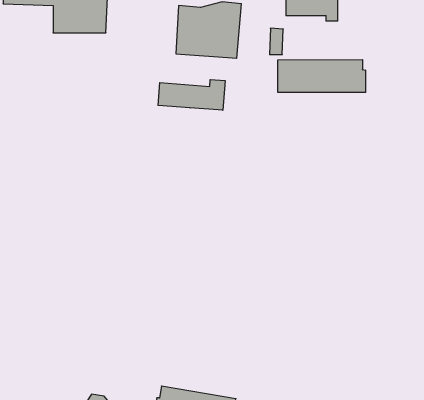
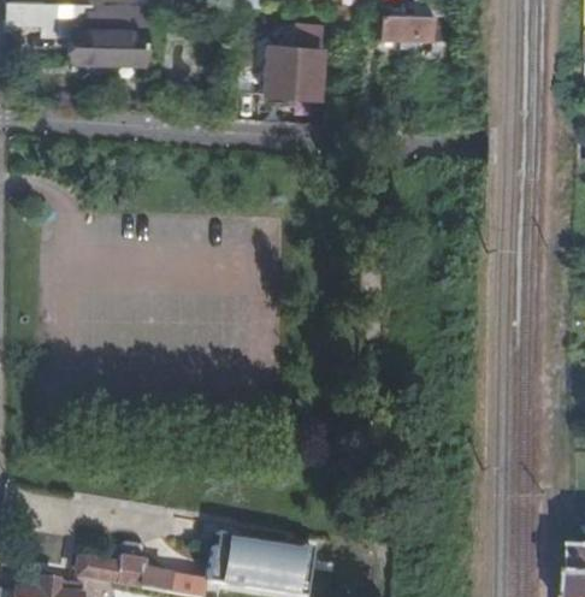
building: [278,60,366,92] -> none
building: [158,80,225,110] -> none

